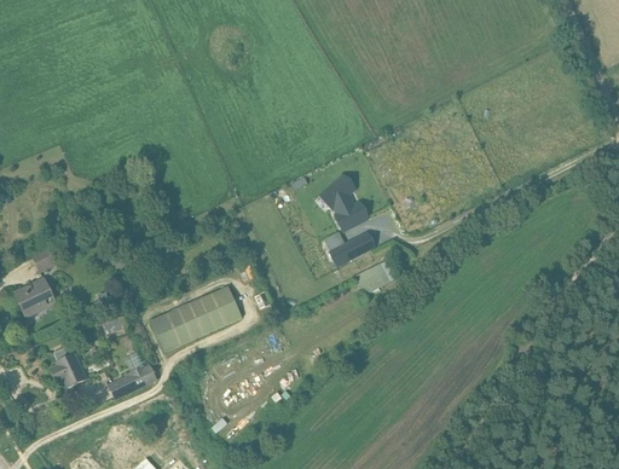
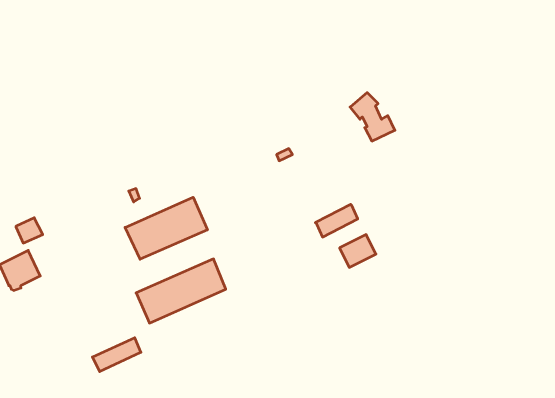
building: [322,179,366,227] -> [350,93,395,141]
building: none -> [125,197,207,259]
building: [50,347,86,386] -> none

